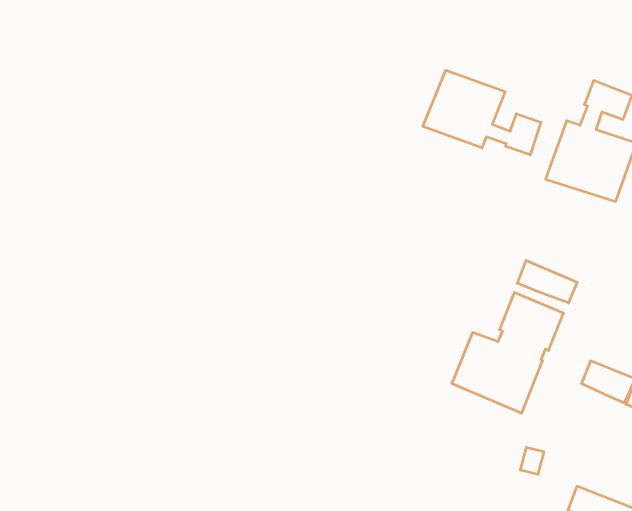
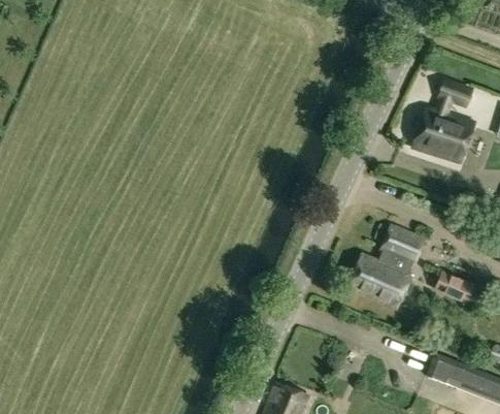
building: [423,70,541,155] -> none
building: [517,260,577,303] -> none

